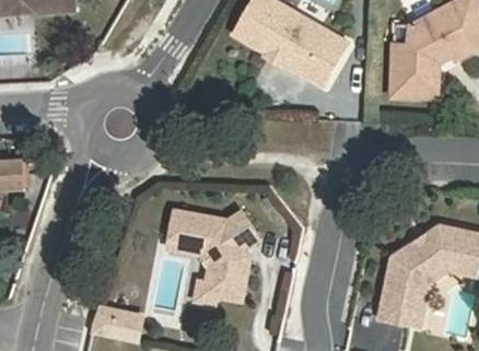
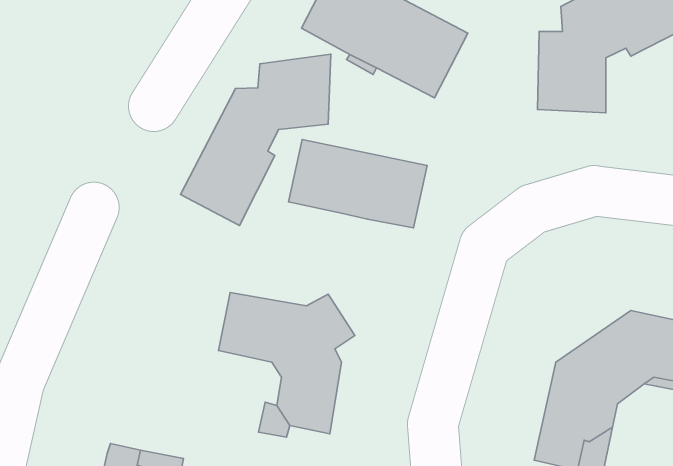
building: none -> [181,54,331,226]
building: none -> [289,140,427,228]

